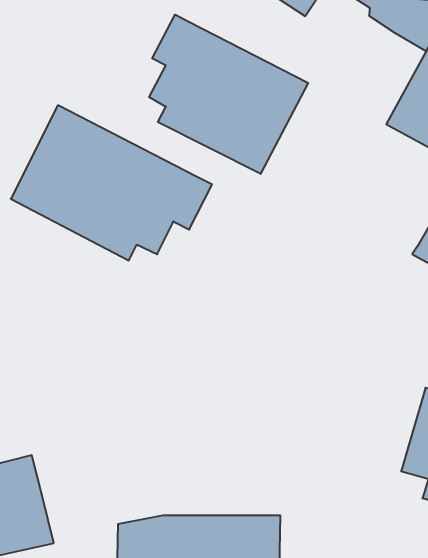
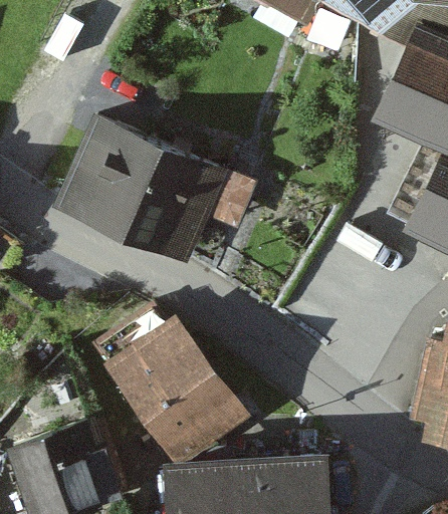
building: [149,15,308,174] -> none
building: none -> [95,305,241,461]

